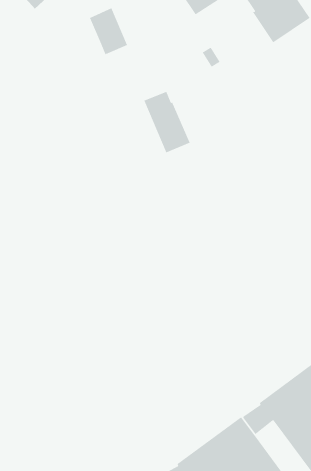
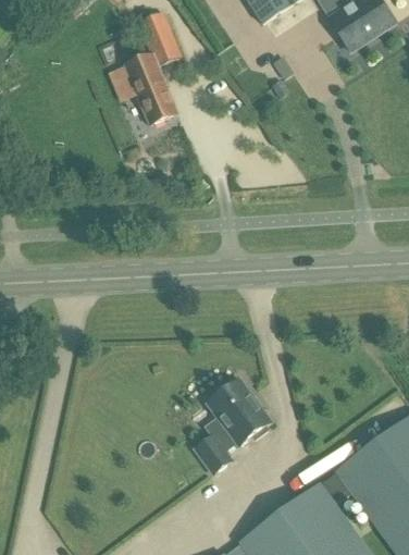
building: [144,91,190,153] -> [124,53,178,125]
building: none -> [193,380,268,473]

